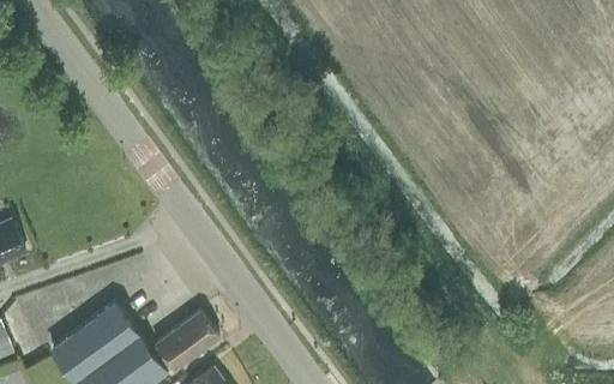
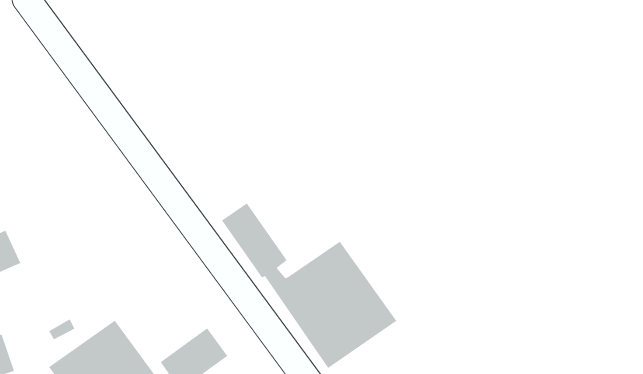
building: none -> [221,202,397,369]

